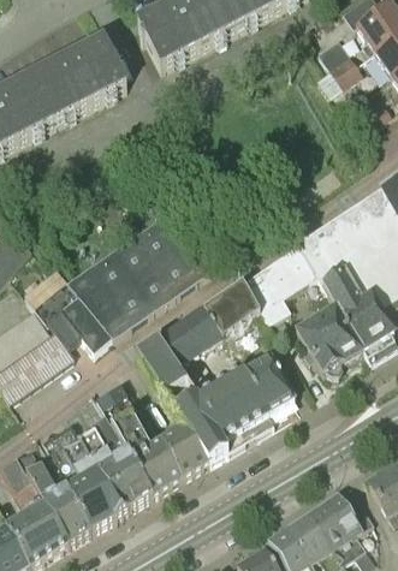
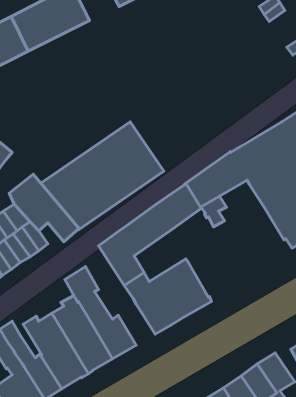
building: [295,304,361,373] -> none
building: [244,357,292,416] -> none
building: [160,426,204,475] -> none

